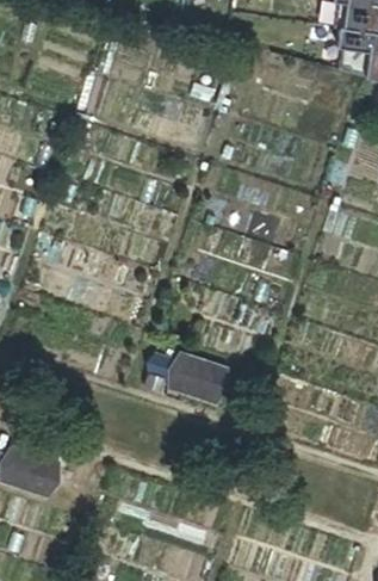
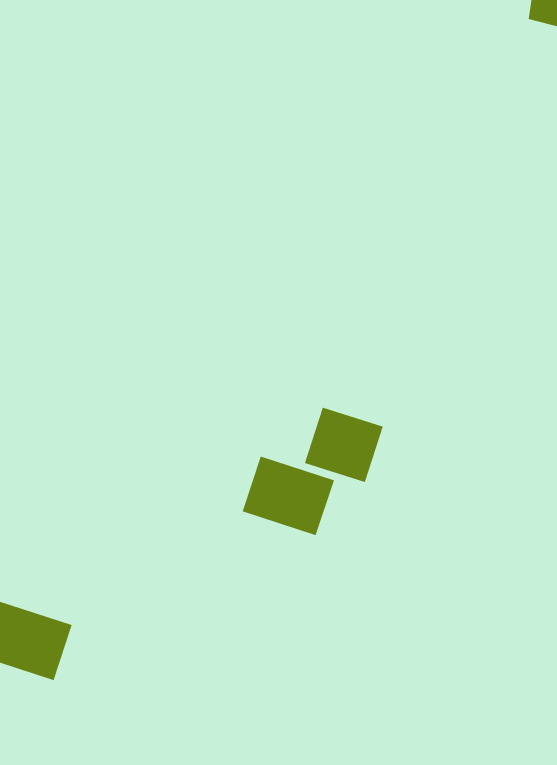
building: none -> [304,407,384,483]

